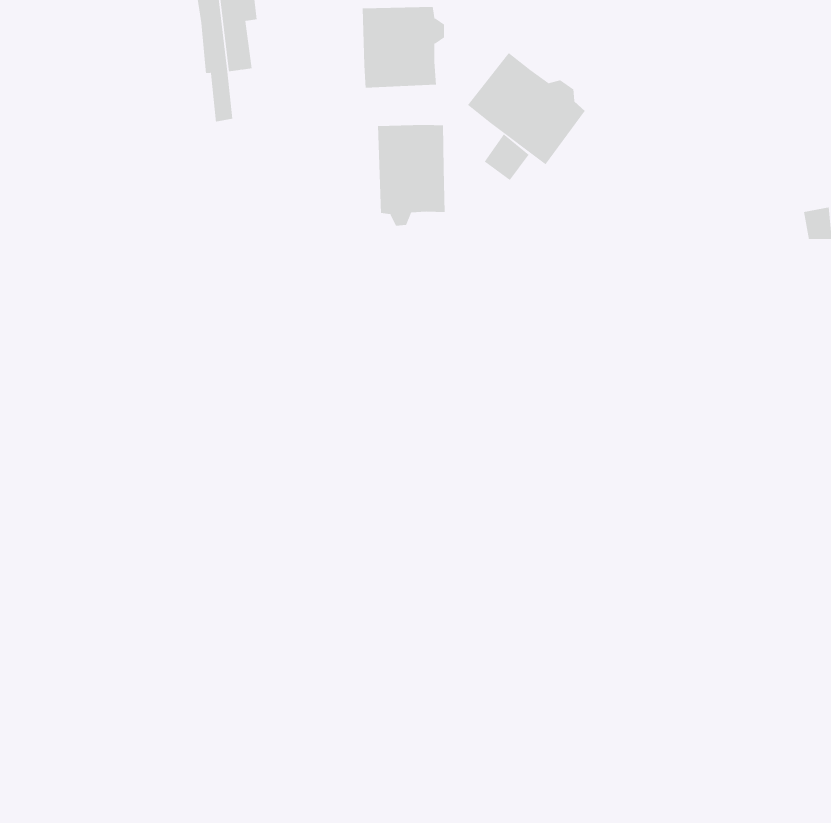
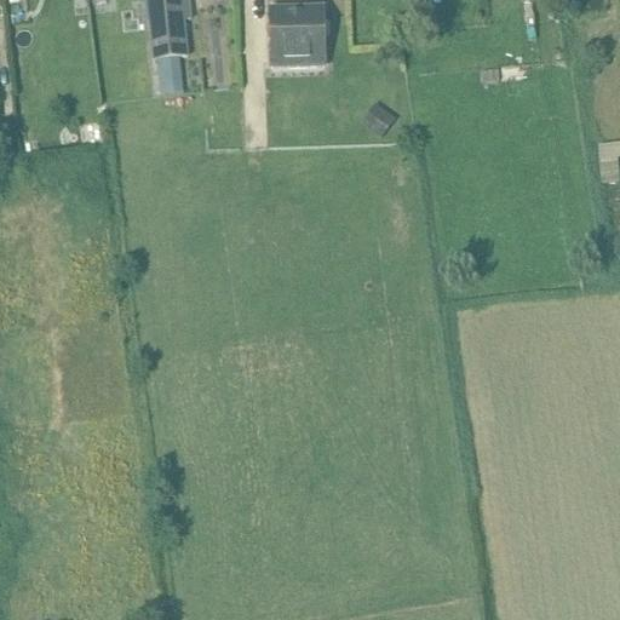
building: [467,52,586,165] -> none
building: [378,124,445,226] -> none

